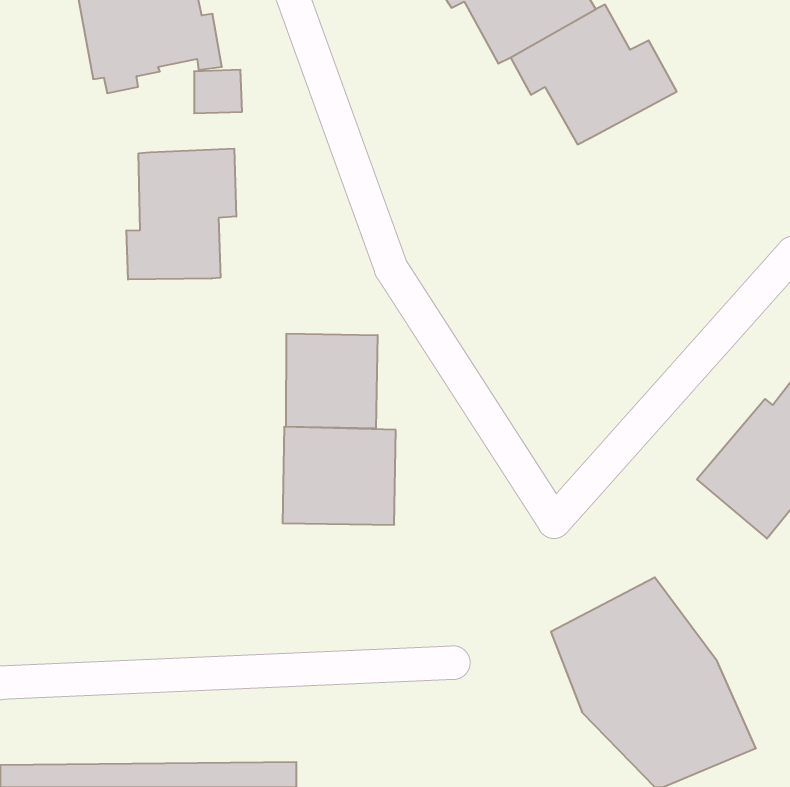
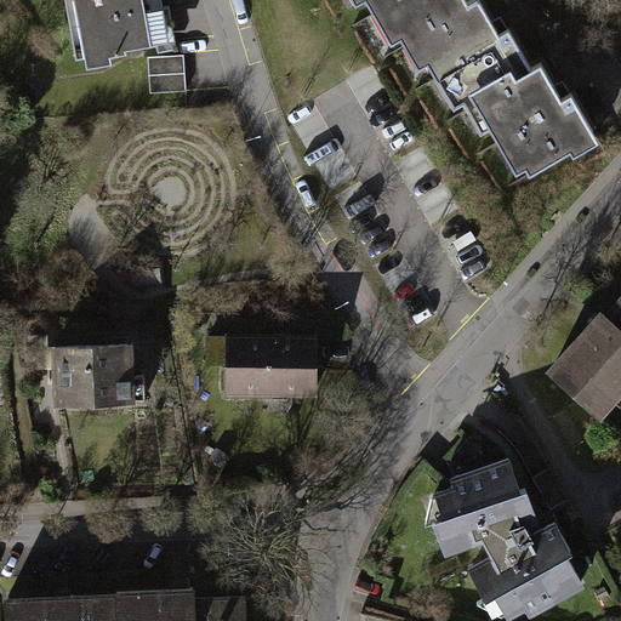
building: none -> [463,68,593,186]
building: [126,149,236,280] -> none
building: [286,334,378,428] -> none
building: none -> [46,346,135,422]

